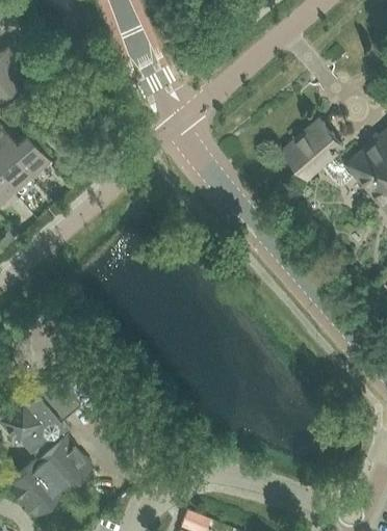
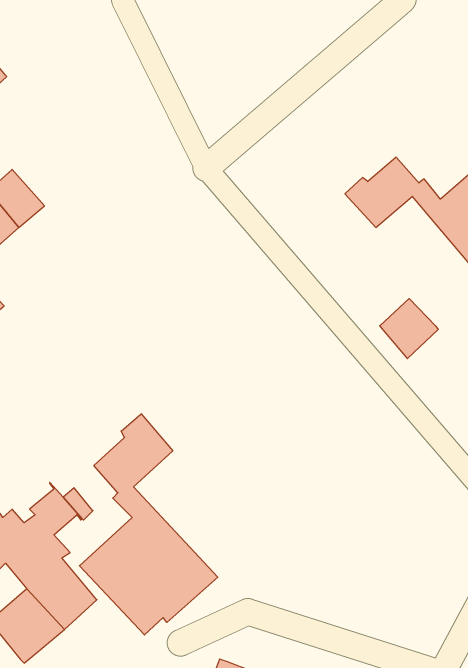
building: none -> [380,299,438,359]
building: none -> [79,414,218,635]

